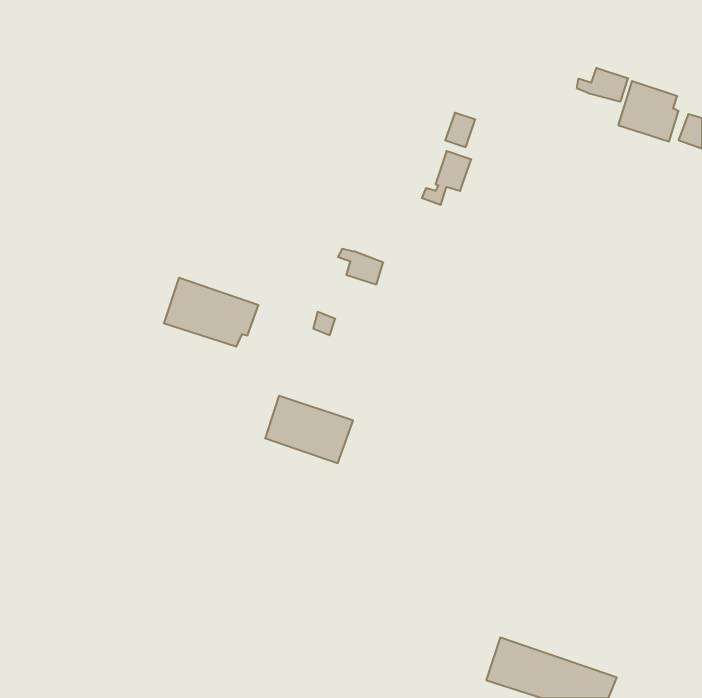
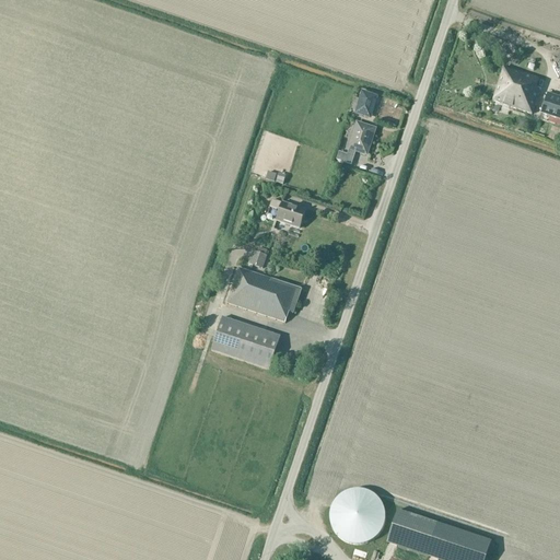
building: [577,68,628,102] -> none
building: [164,278,259,346] -> [226,266,302,320]
building: none -> [329,488,386,544]

